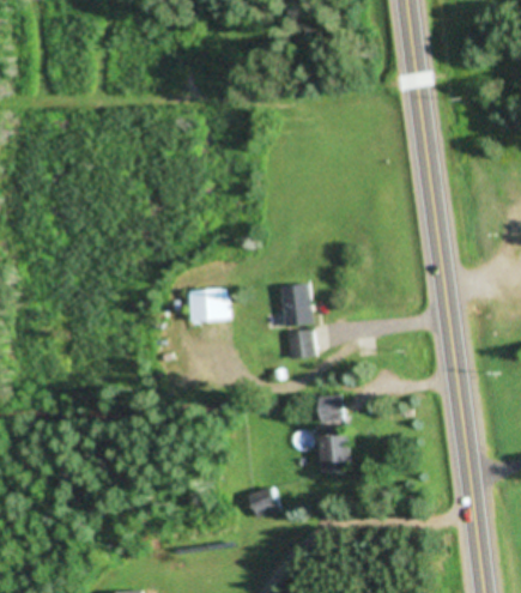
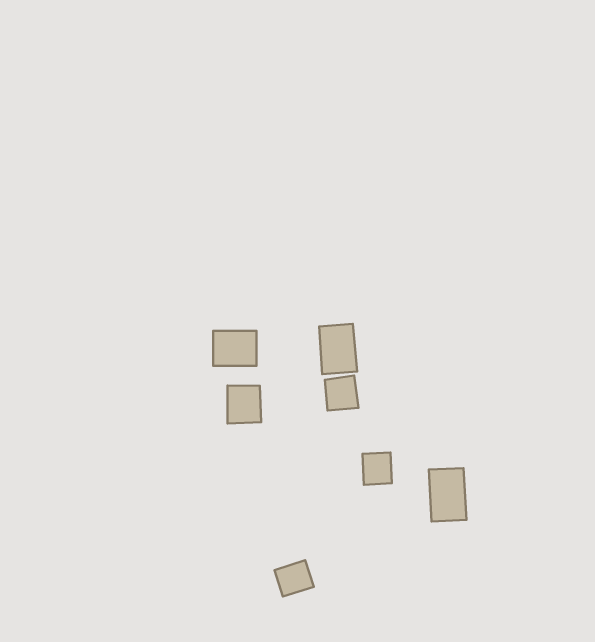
building: none -> [227,385,261,423]
building: [319,429,351,474] -> [429,468,466,521]

